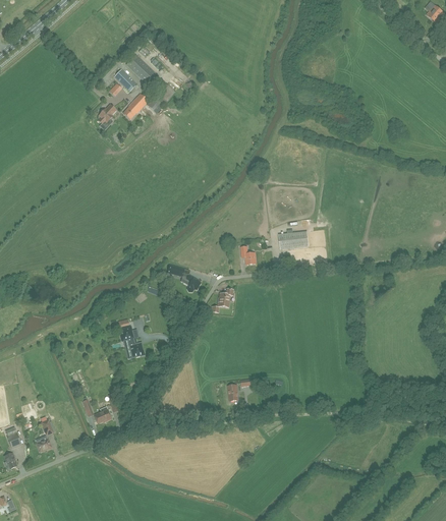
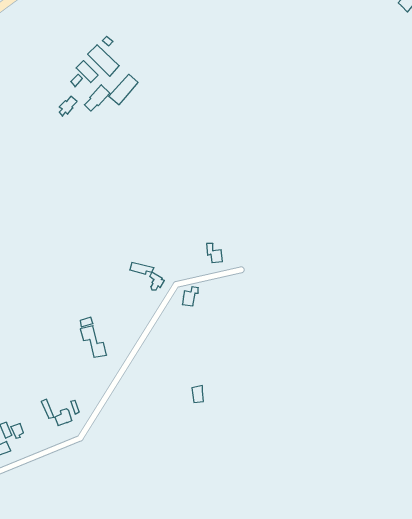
building: [279,231,309,249] -> none

